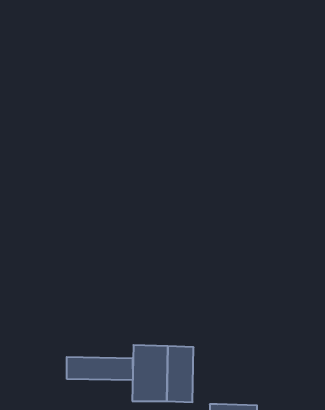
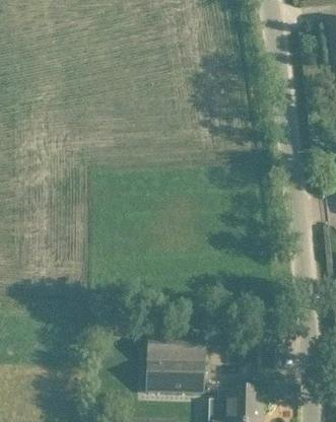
building: [67,357,133,380] -> none

